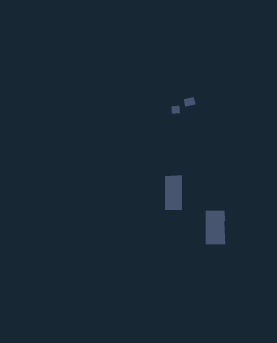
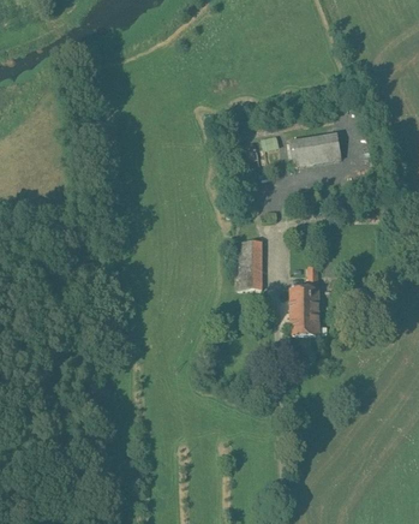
building: none -> [289,131,341,165]

